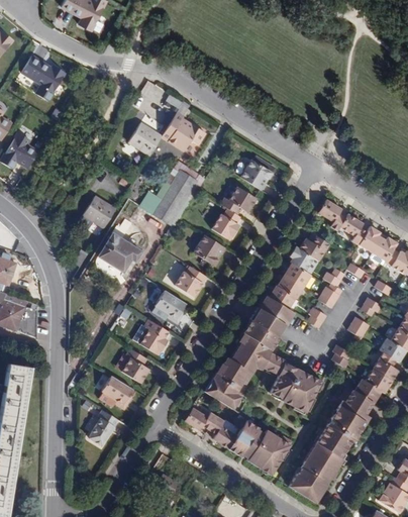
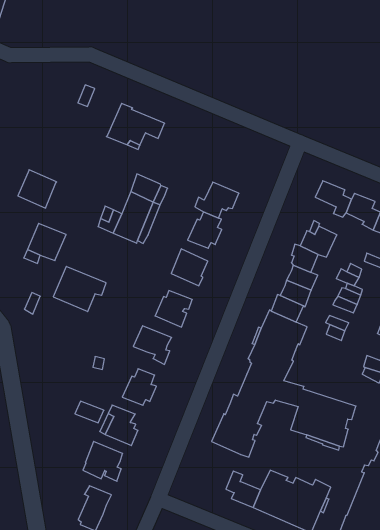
building: [129,122,162,154] -> [18,170,57,208]
building: [241,160,274,190] -> none
building: [184,406,217,430] -> none

